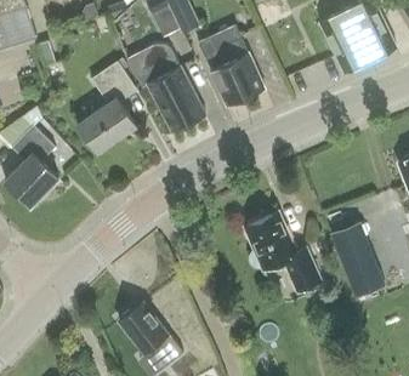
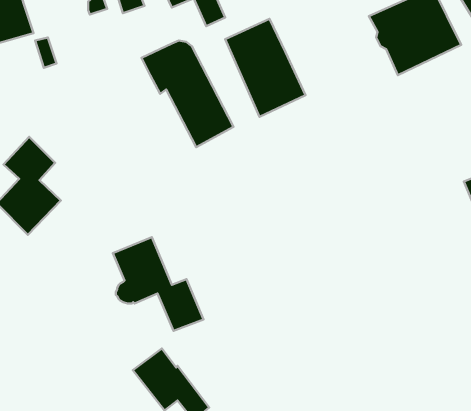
building: [78,61,136,150] -> none
building: [245,211,322,290] -> [113,237,204,331]
building: [336,238,384,295] -> none

